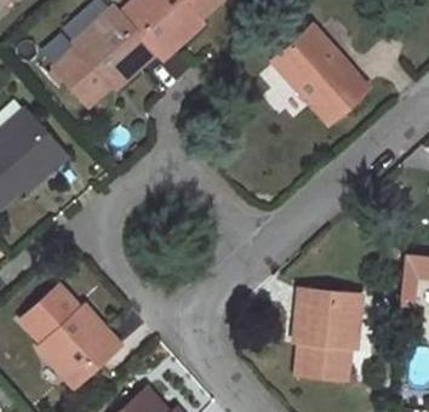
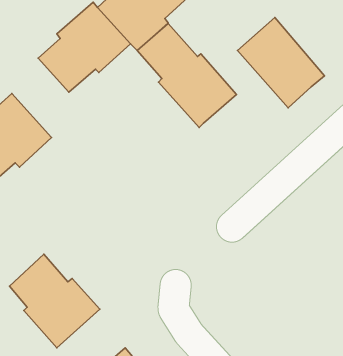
building: none -> [137,24,237,128]
building: [293,288,361,379] -> none

